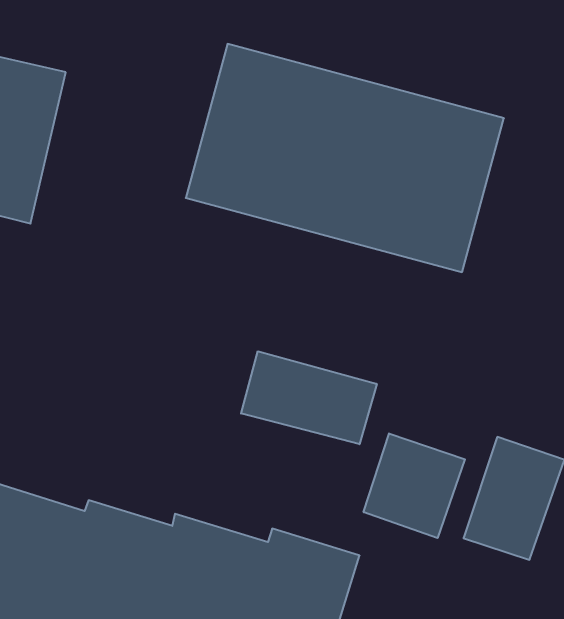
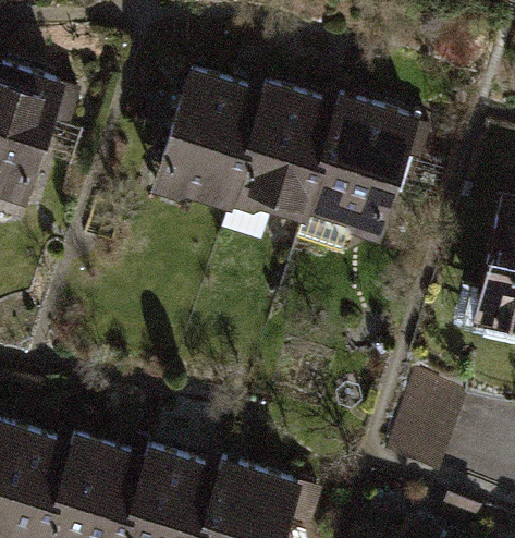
building: [241,351,377,444] -> none
building: [364,433,465,538] -> none

